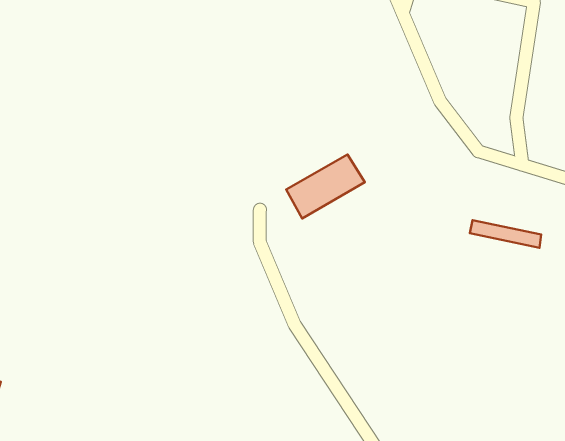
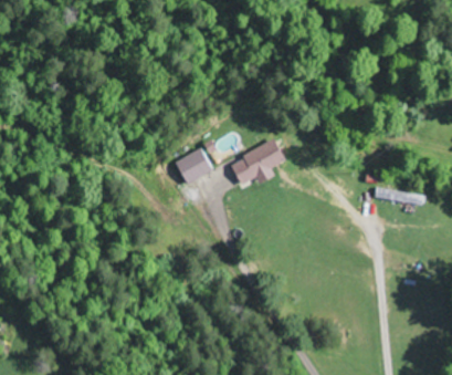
building: none -> [175,147,213,185]

